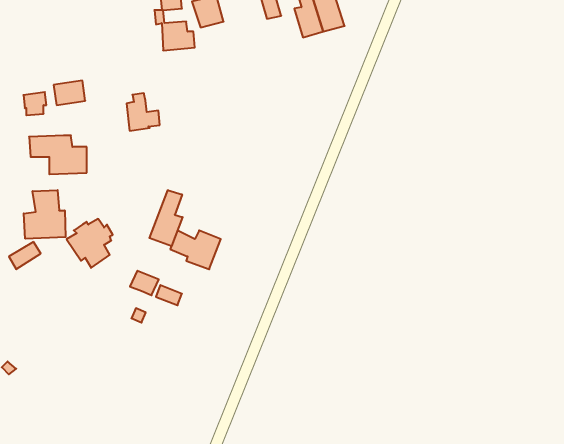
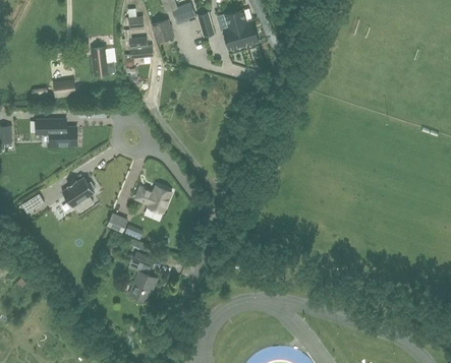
building: [127,93,160,131] -> [93,50,116,76]
building: [24,190,66,239] -> none
building: [149,190,183,246] -> none
building: none -> [128,251,158,303]

